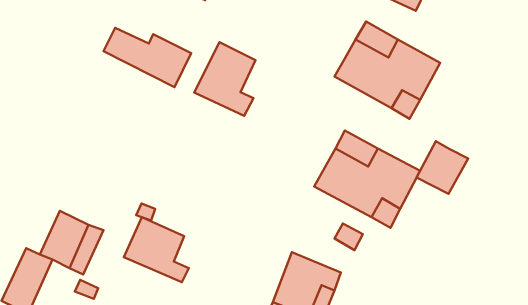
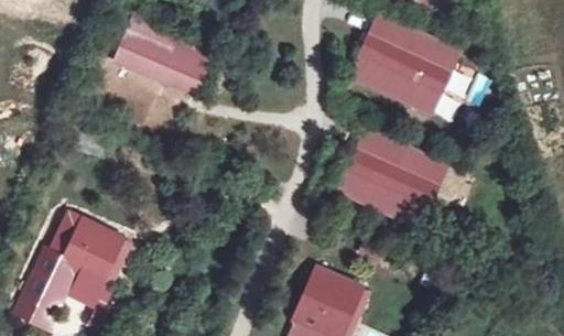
building: [194,42,255,116] -> none
building: [417,141,468,194] -> none
building: [124,217,189,282] -> none

